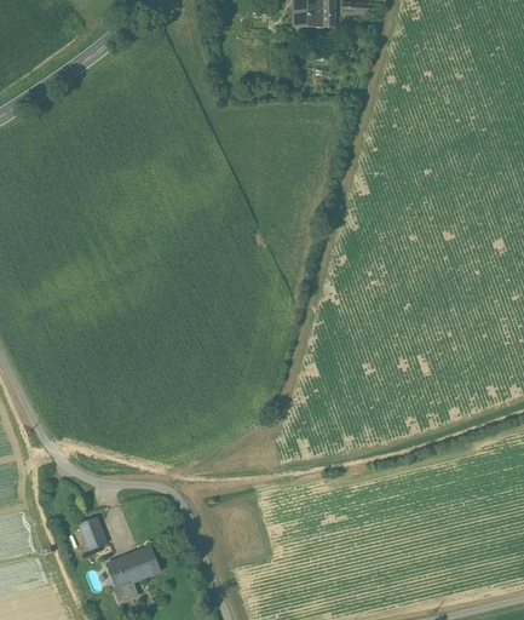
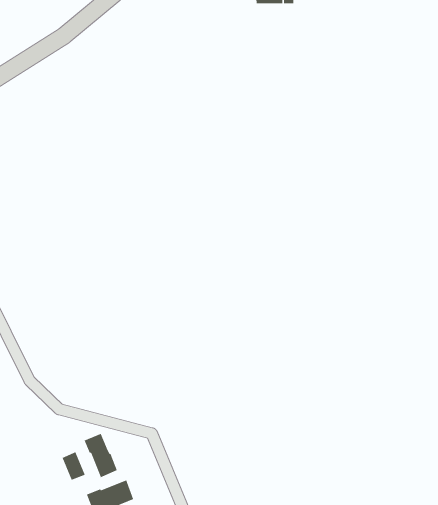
building: none -> [83,432,118,478]

